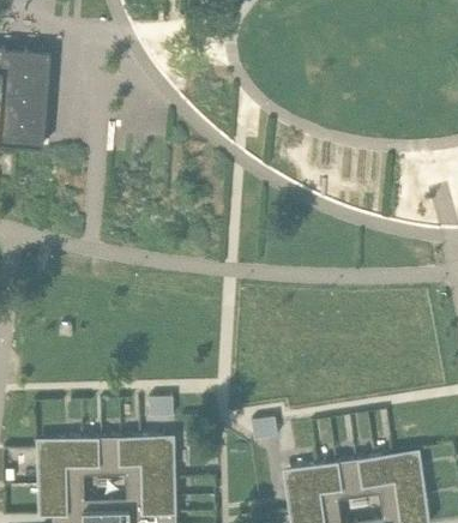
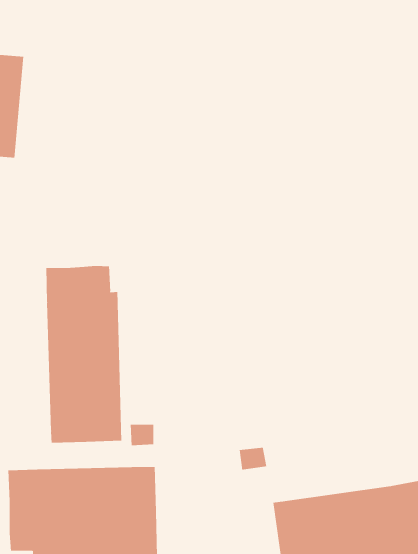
building: none -> [46,265,122,443]

